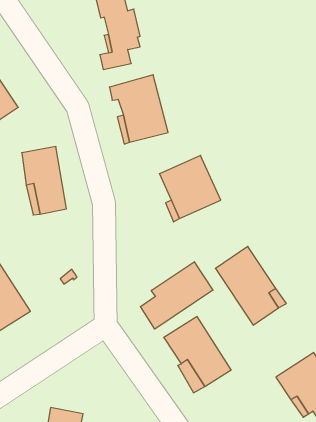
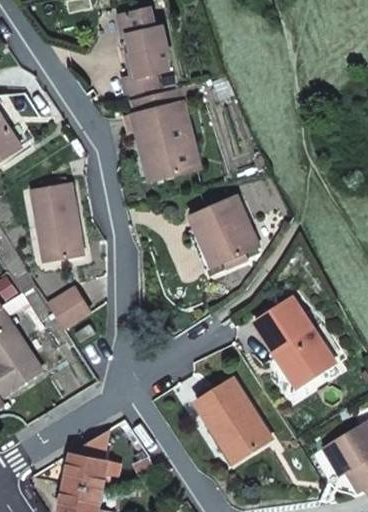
building: none -> [49,288,90,332]
building: [140,262,213,329] -> none
building: none -> [65,453,114,489]

